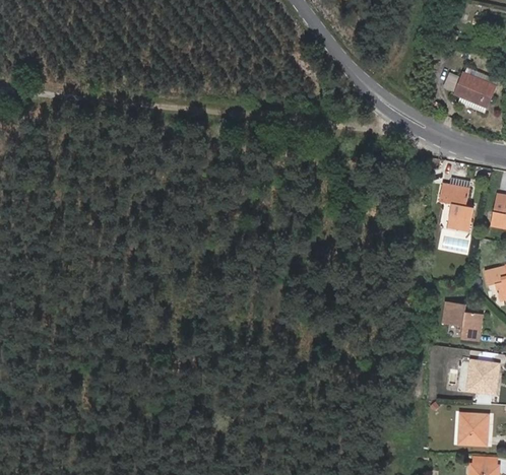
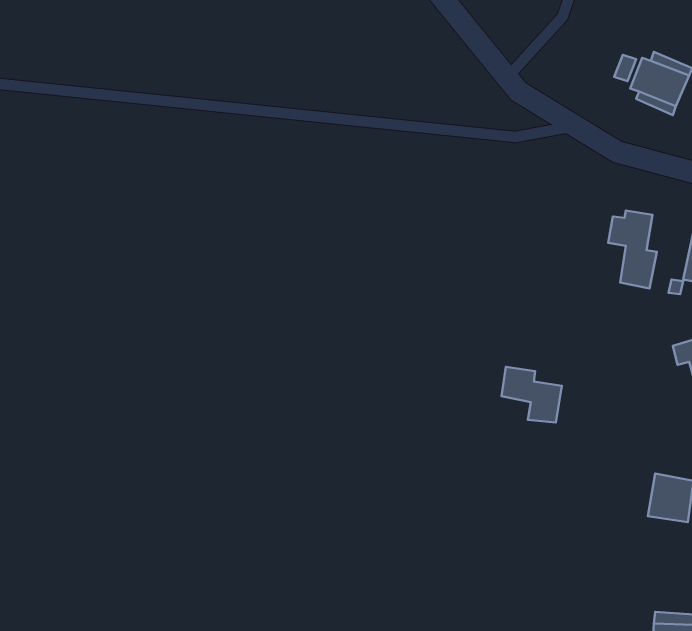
building: [441,301,483,340] -> [501,367,562,423]
building: [459,413,488,444] -> none

